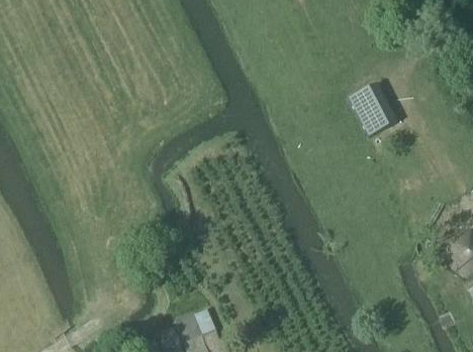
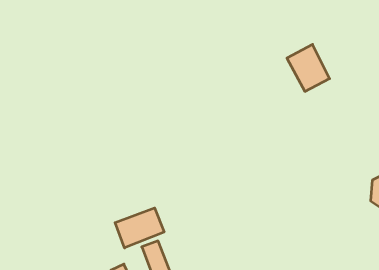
building: none -> [115,208,164,248]

